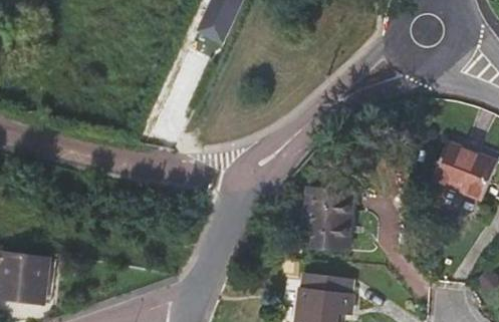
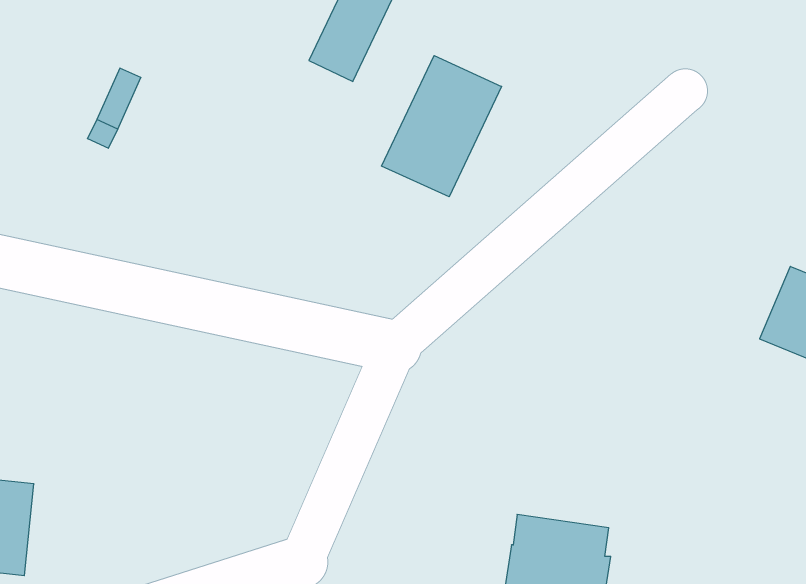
building: none -> [382,56,502,197]
building: [303,189,352,250] -> none

